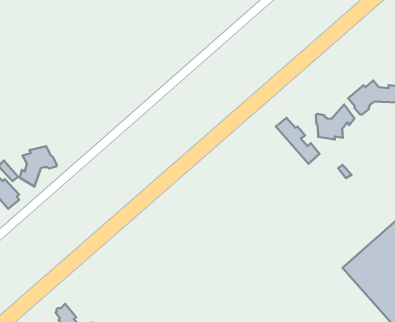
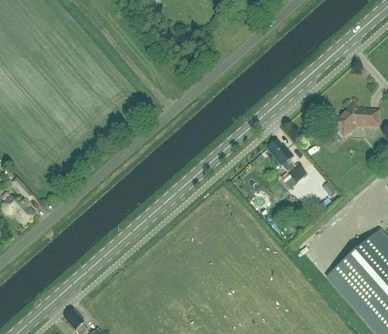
building: [316,105,354,140] -> none
building: [20,146,57,187] -> none

